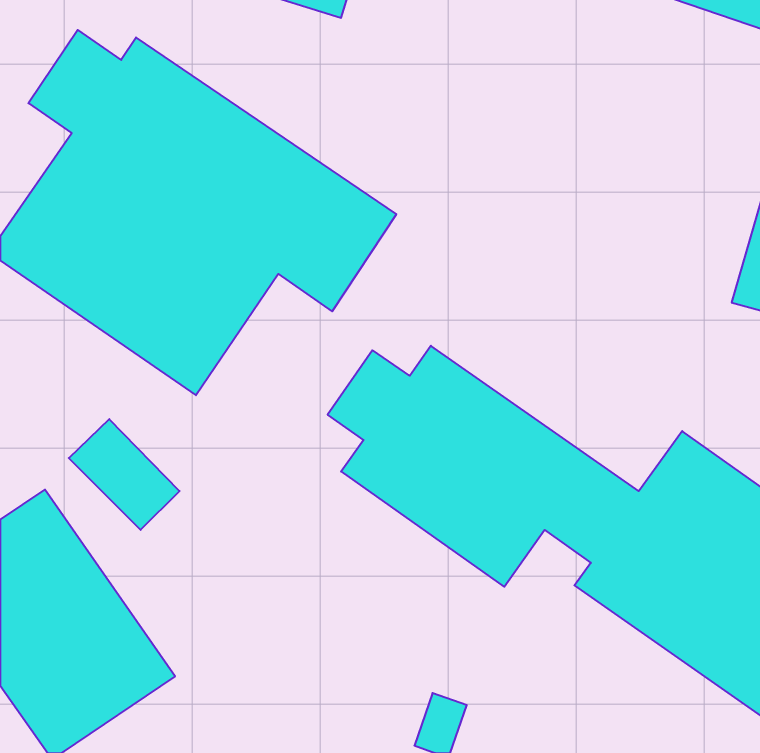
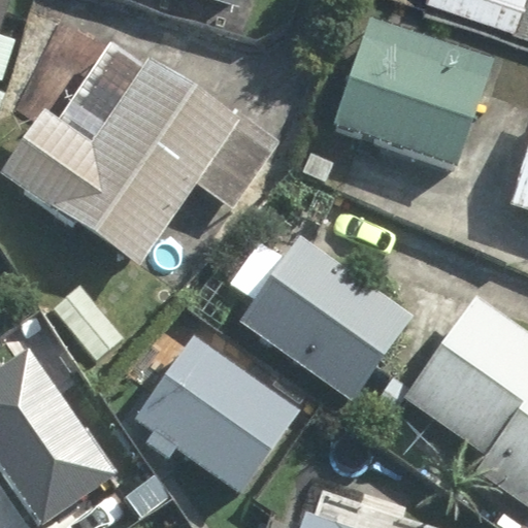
building: none -> [331,16,493,170]
building: none -> [142,329,301,481]

